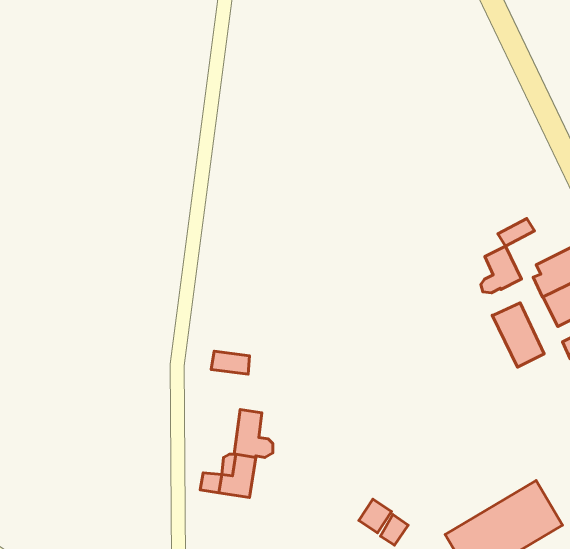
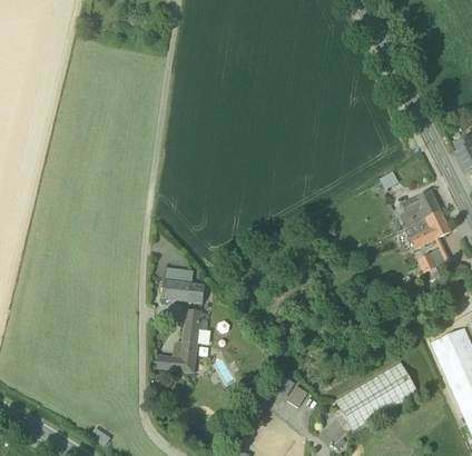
building: [481,246,521,293] -> none
building: [492,303,544,367] -> none
building: none -> [161,280,205,304]

